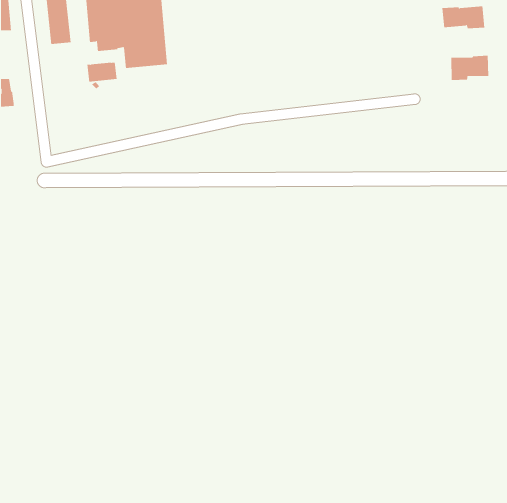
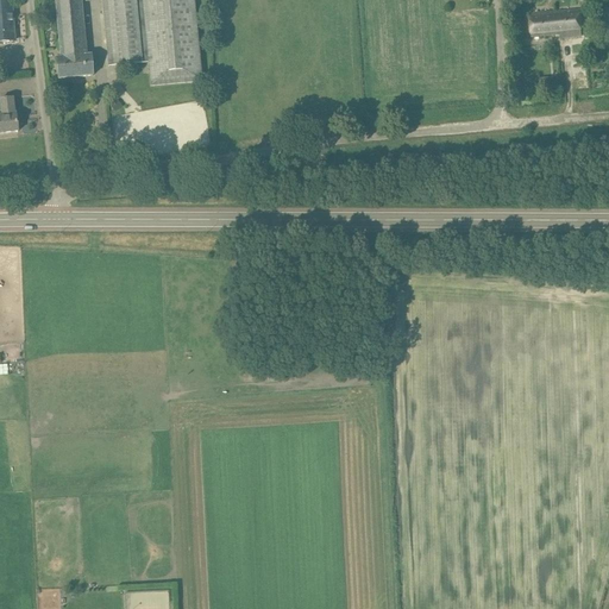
building: [451,55,489,81] -> none
building: [87,62,117,82] -> [56,51,93,75]

